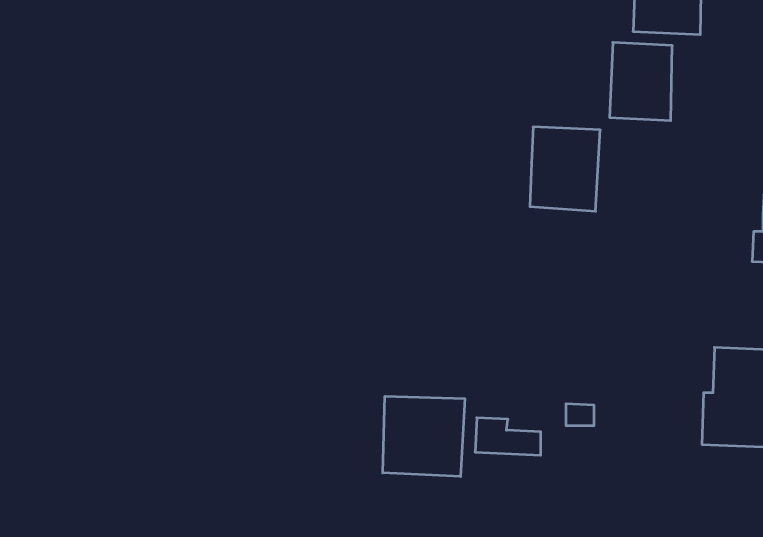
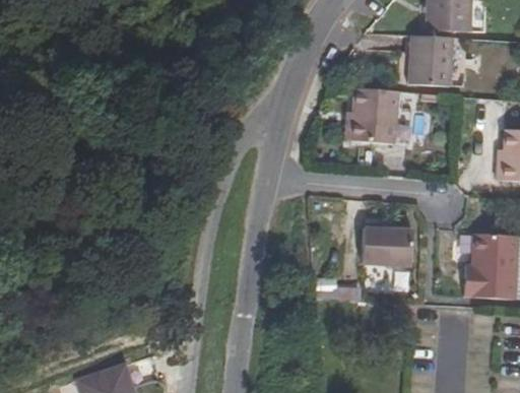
building: none -> [364,227,414,266]
building: [383,396,465,477] -> none

